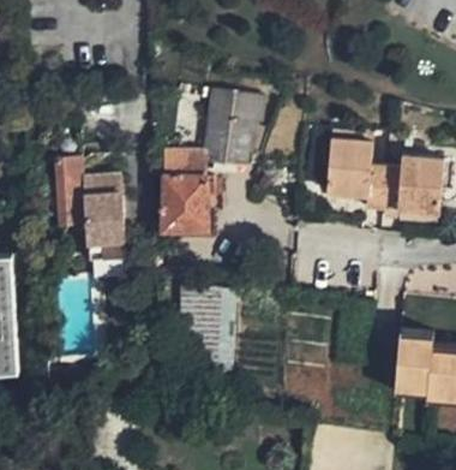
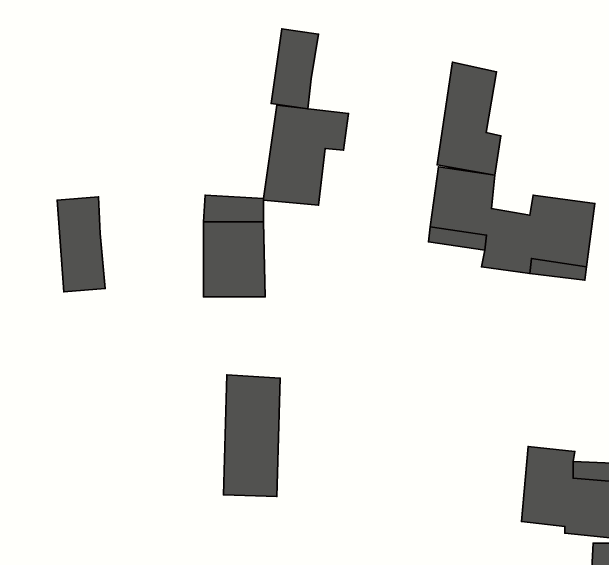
building: none -> [271,29,318,109]
building: none -> [437,62,501,175]
building: [86,179,127,254] -> none

